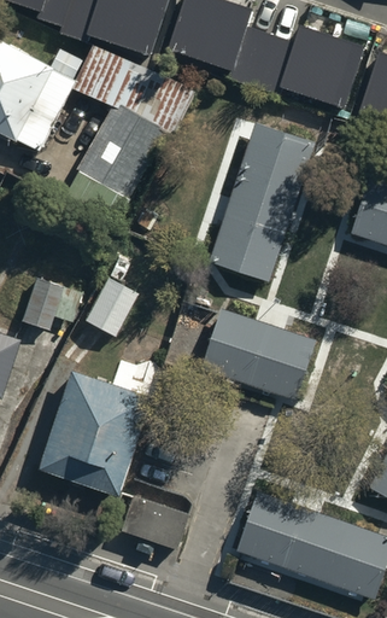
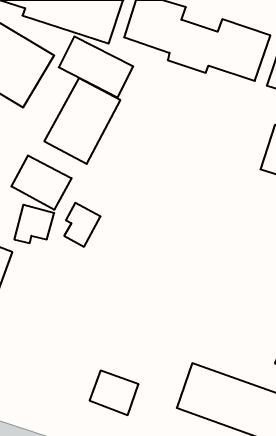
building: [212,121,309,274] -> none
building: none -> [11,155,72,210]
building: [203,307,311,396] -> none
building: [34,368,147,495] -> none

